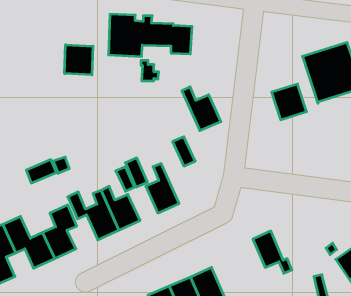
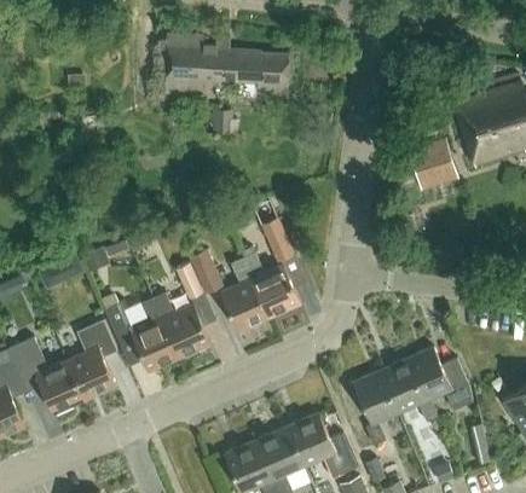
building: [65,45,93,75] -> none
building: [182,87,221,131] -> [243,251,301,317]
building: none -> [406,347,469,410]
building: none -> [353,370,398,445]

